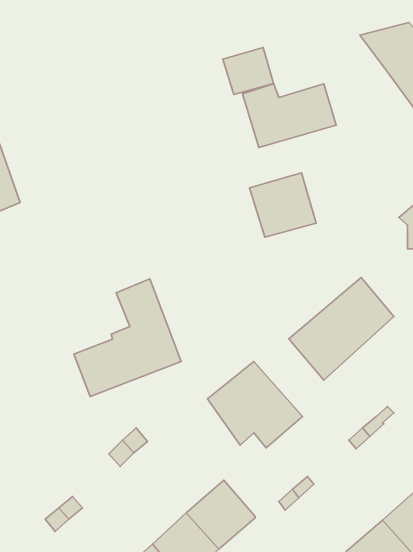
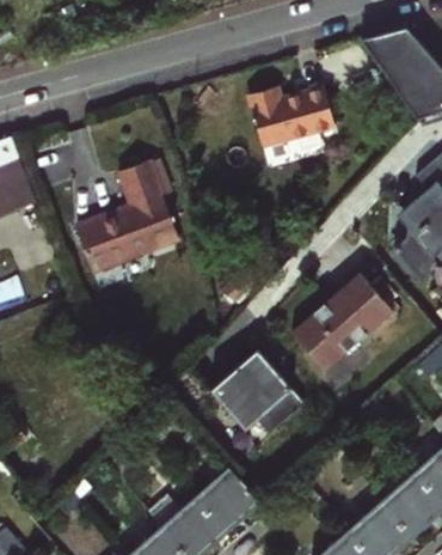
building: [223,47,274,94] -> none
building: [250,173,316,237] -> none
building: [74,279,181,397] -> [79,160,182,273]

